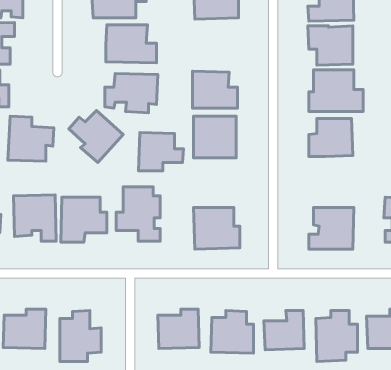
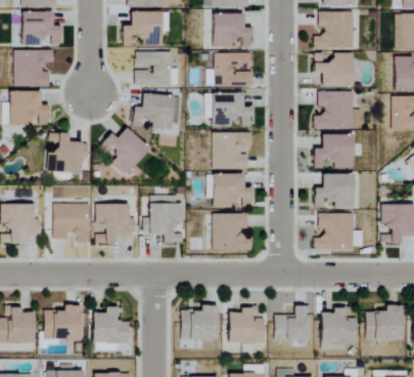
building: none -> [208,53,252,87]
building: [139,133,184,171] -> [214,174,254,208]
building: none -> [315,174,355,208]

